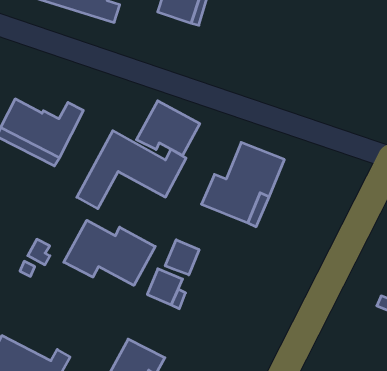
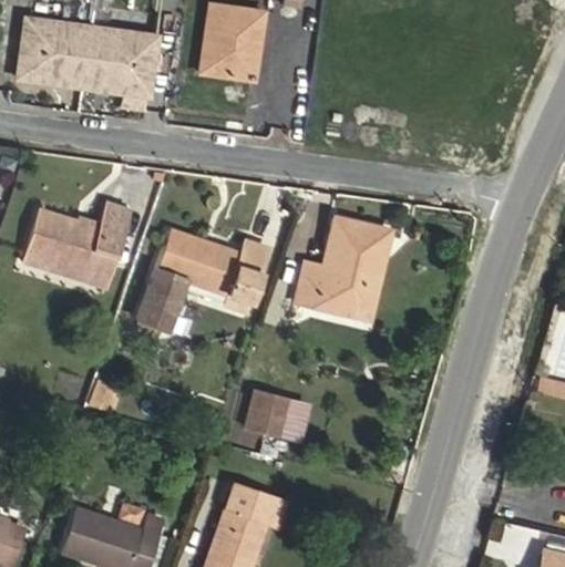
building: [136,101,200,156] -> none
building: [64,220,155,285] -> none
building: [165,240,199,275] -> none

